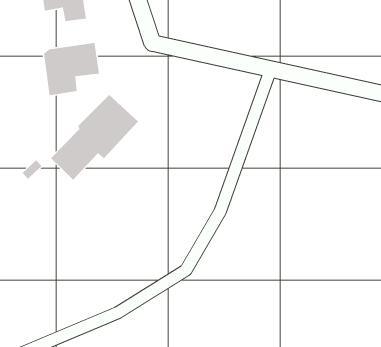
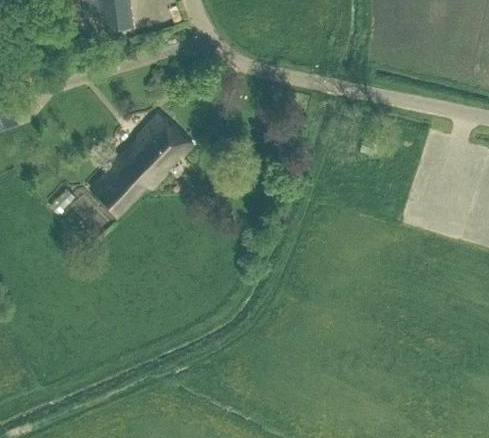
building: [43,42,100,96] -> none

